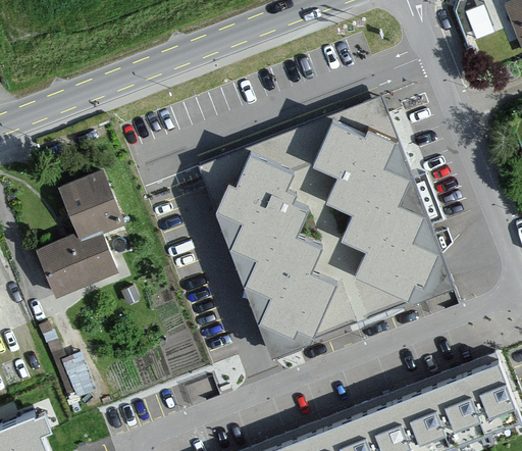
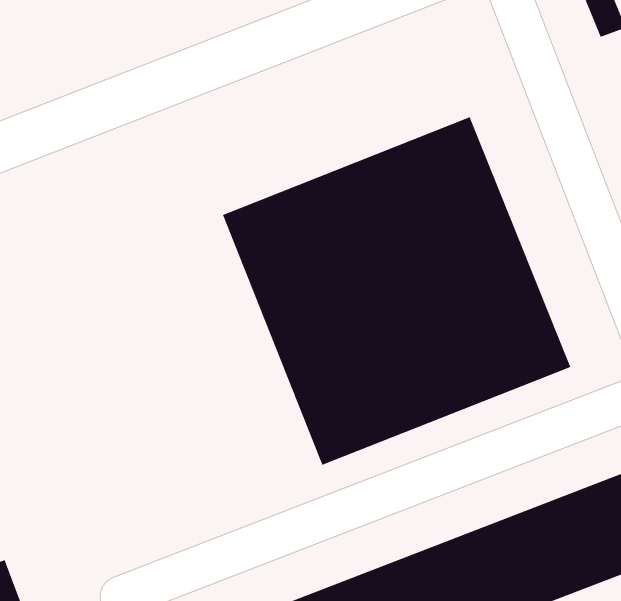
building: [38,171,125,297] -> none

